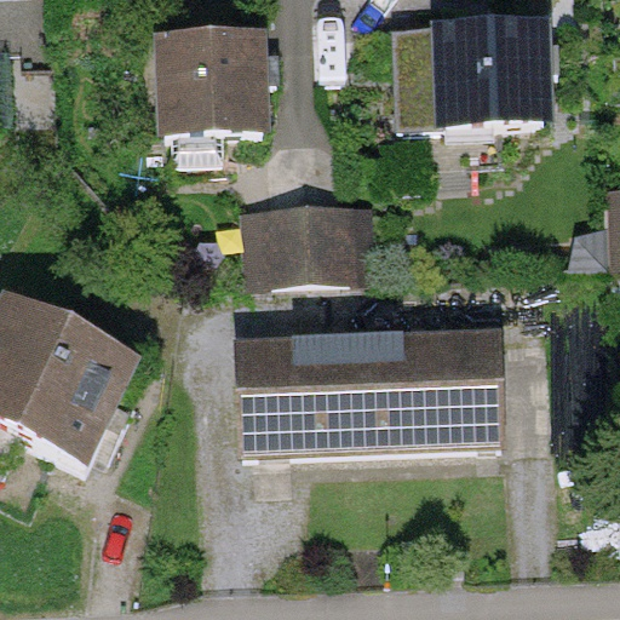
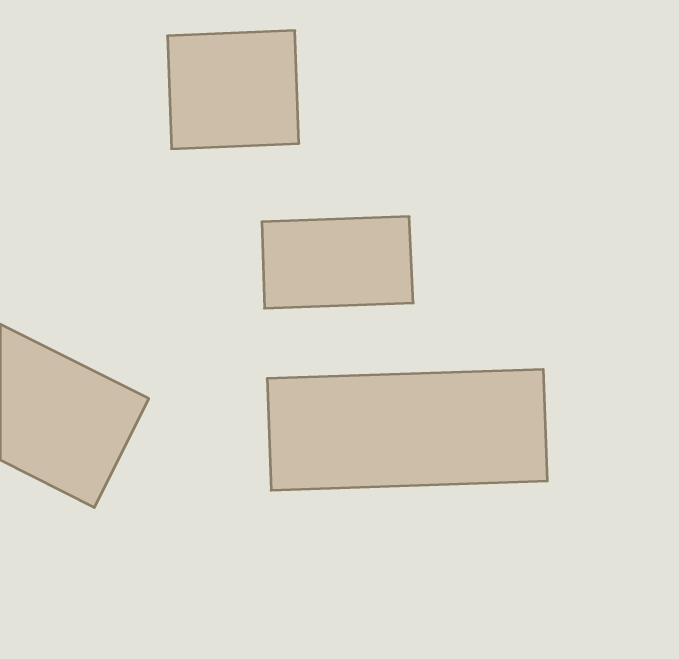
building: [395,18,557,128] -> none

